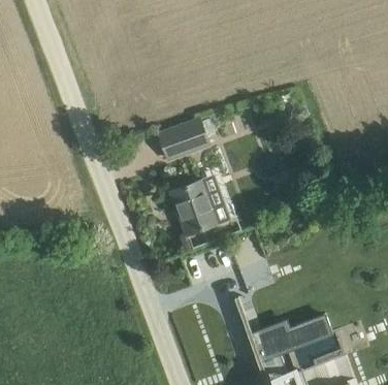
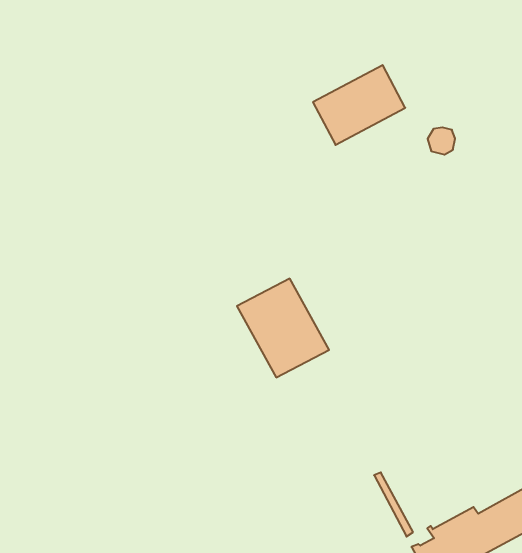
building: [158,119,209,160] -> [313,65,405,145]

